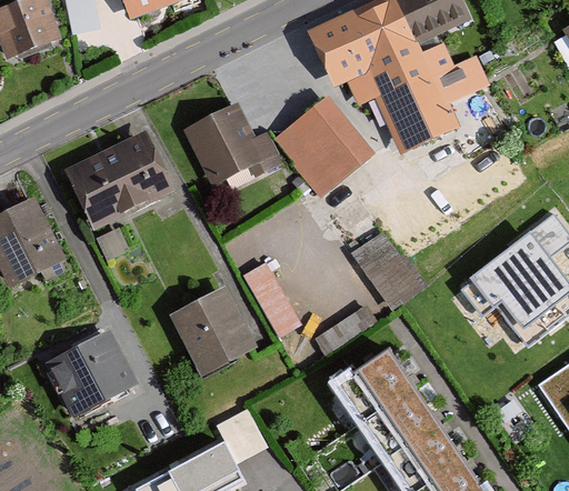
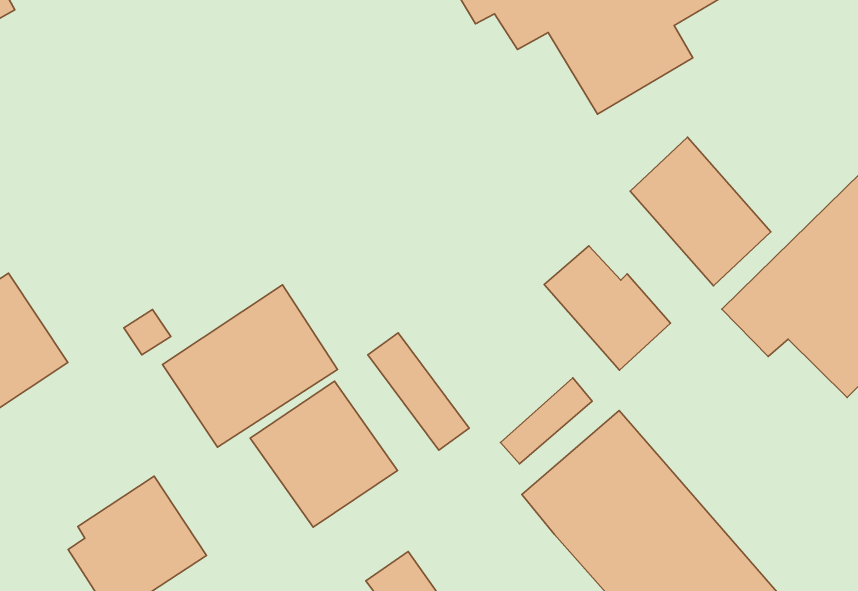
building: [184,96,370,199] -> none
building: [64,134,170,228] -> [163,285,338,447]
building: none -> [630,137,771,286]

